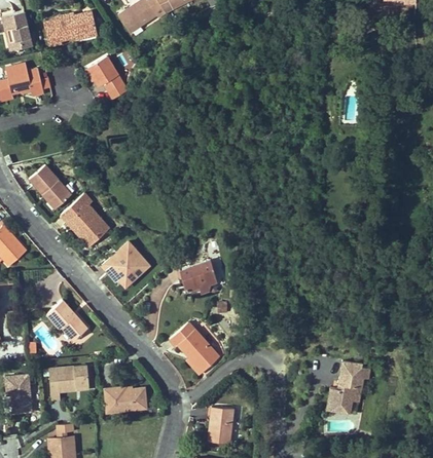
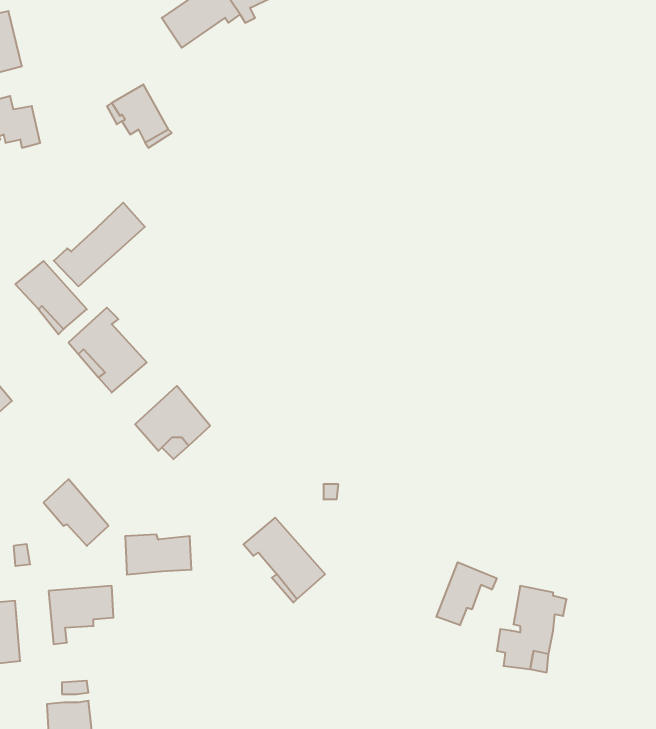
building: [44,11,97,46] -> none
building: none -> [54,203,145,286]
building: [179,260,217,293] -> none
building: none -> [436,562,497,625]
building: [105,387,146,412] -> [125,535,192,575]
building: [210,407,233,445] -> none

